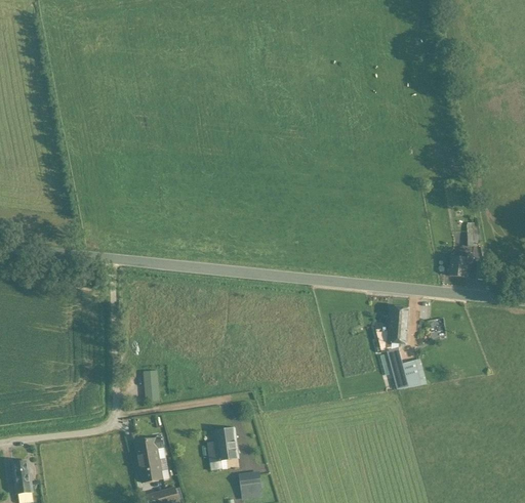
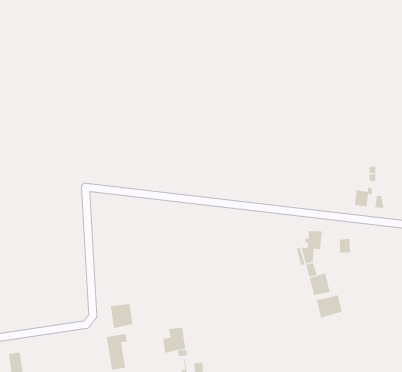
building: none -> [316,295,342,319]
building: none -> [110,303,133,329]

